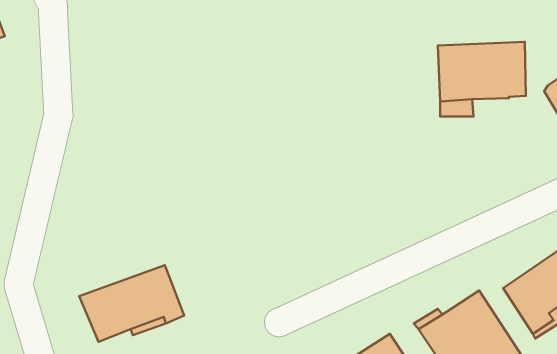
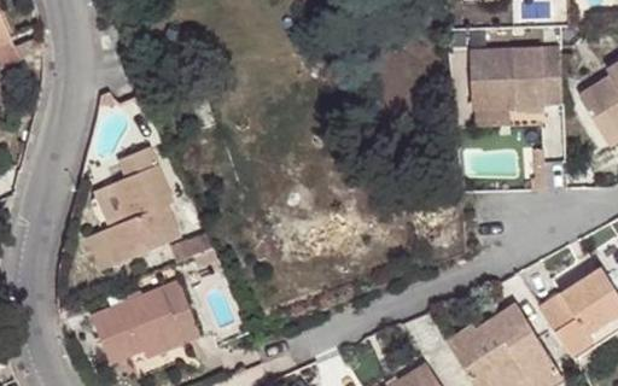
building: none -> [99,145,177,263]

